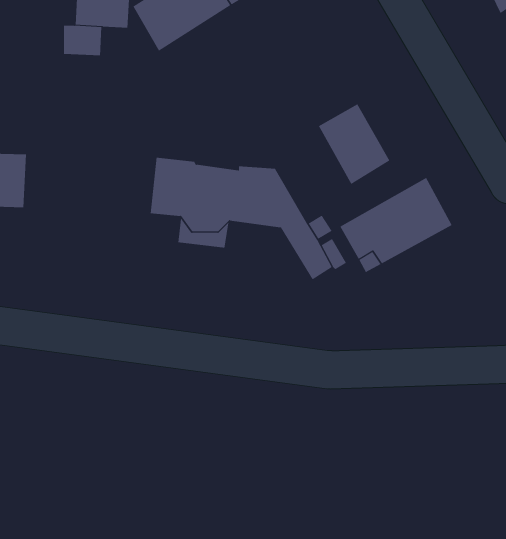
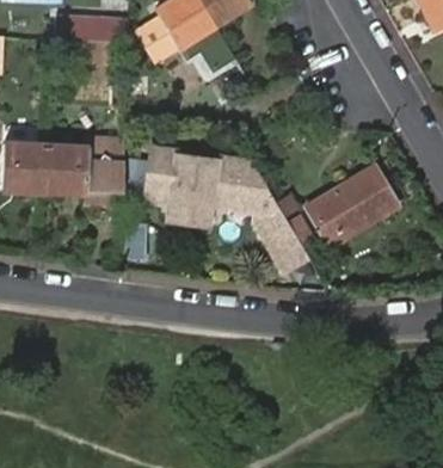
building: [318,103,390,185] -> none
building: none -> [43,137,124,205]

